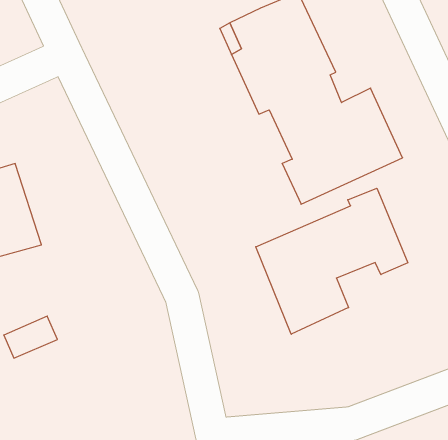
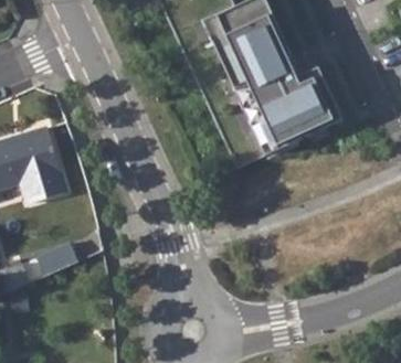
building: [256,188,408,334] -> none

